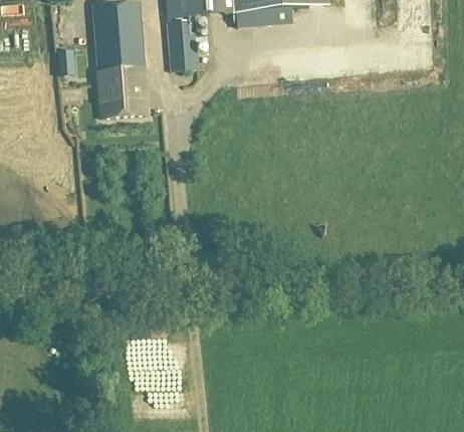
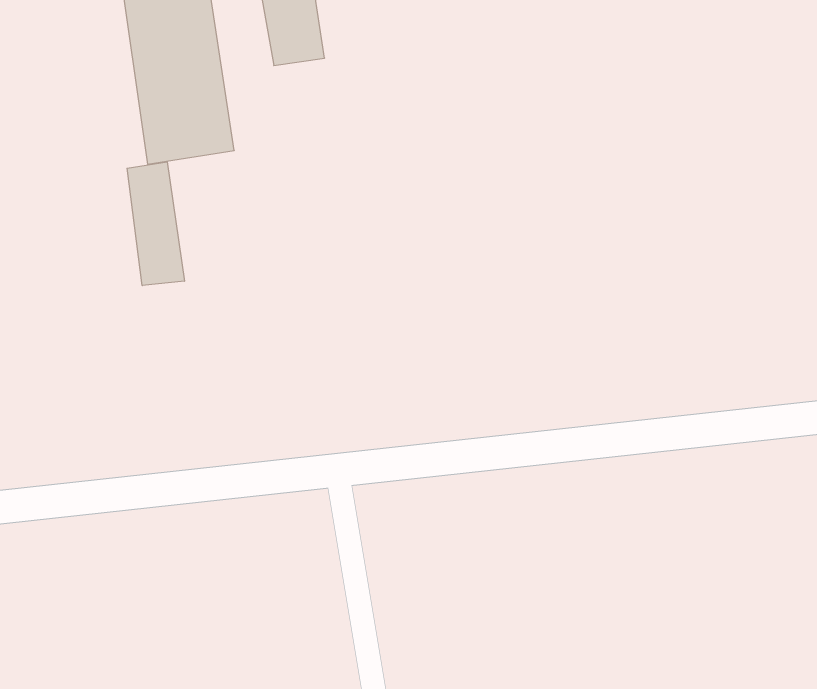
building: none -> [127,162,184,286]

